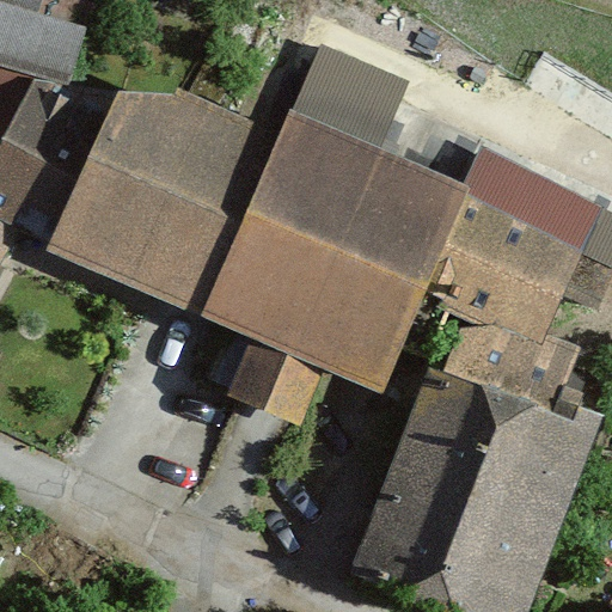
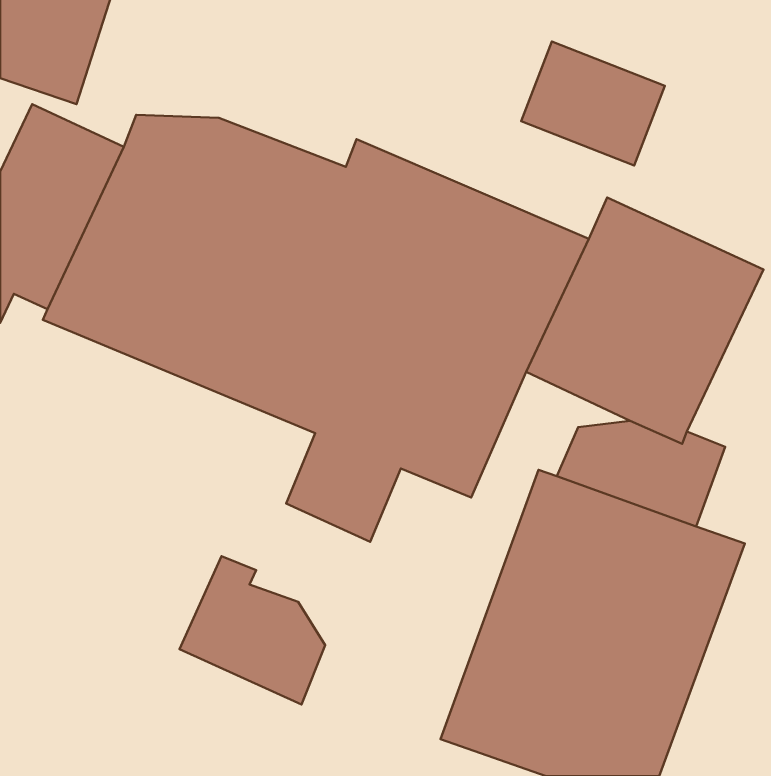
building: [304,35,416,131] -> [521,41,665,165]
building: none -> [179,556,325,705]

